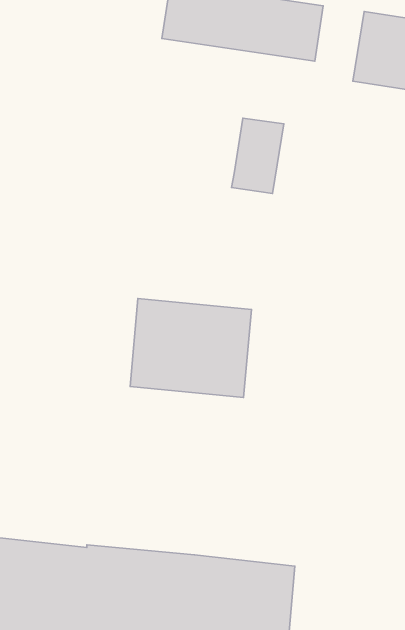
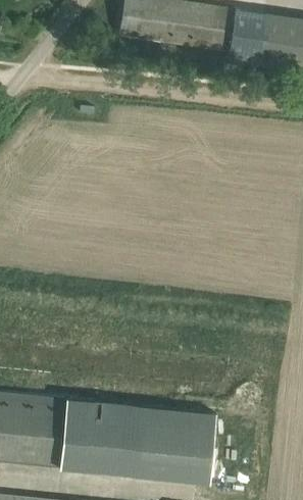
building: [231,118,284,193] -> [228,10,265,64]
building: [130,299,251,398] -> none

